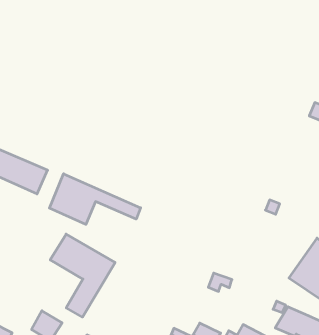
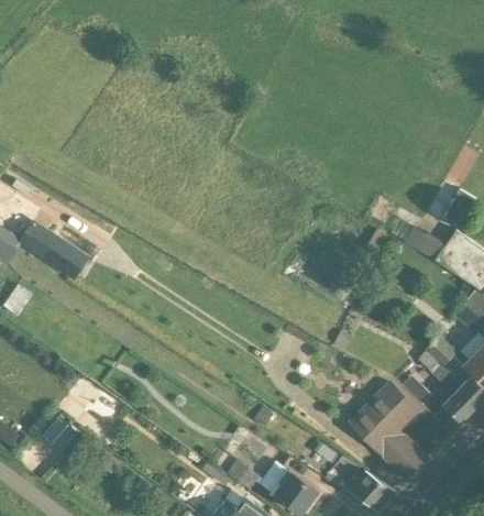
building: [49,174,141,224] -> none
building: [50,234,115,317] -> none

